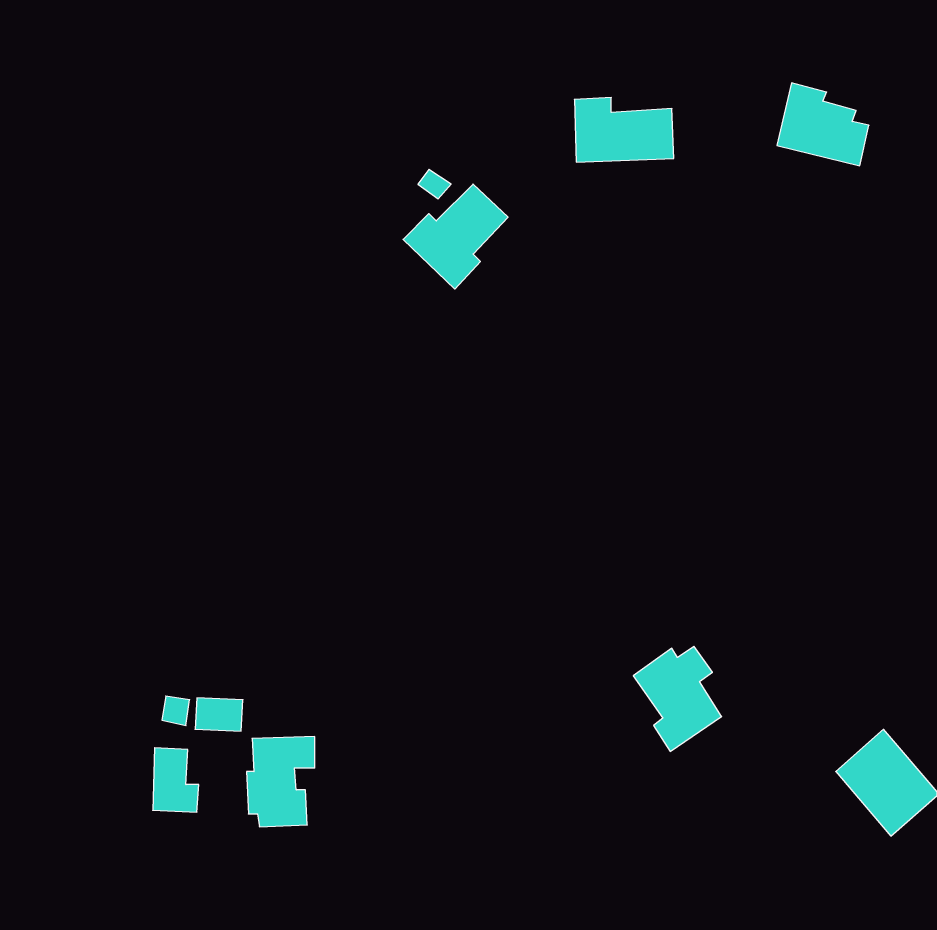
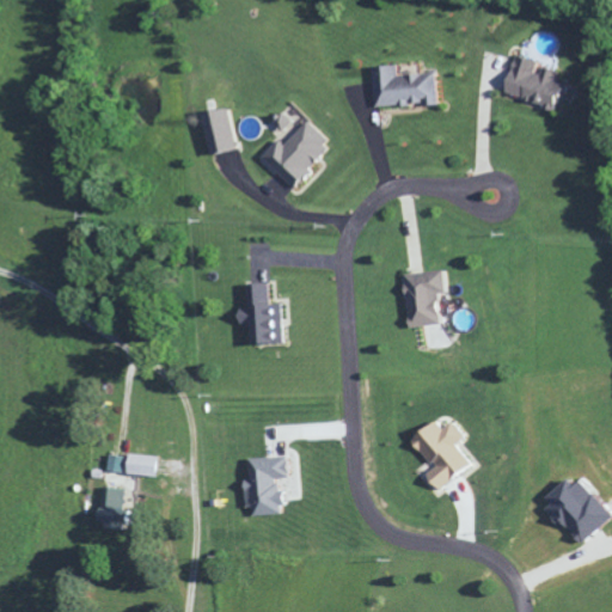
building: none -> [200,106,235,154]
building: none -> [404,269,447,326]
building: none -> [239,281,282,343]
building: [247,737,315,827] -> [245,455,289,514]

